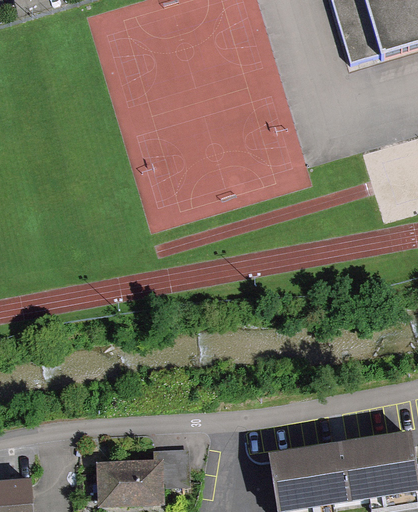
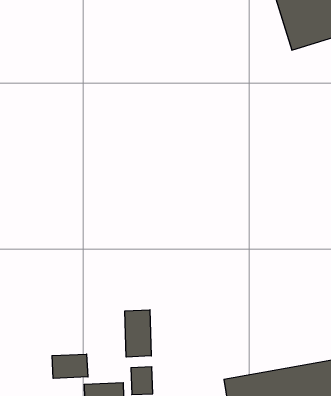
building: none -> [125,310,151,357]
building: none -> [52,354,88,378]

